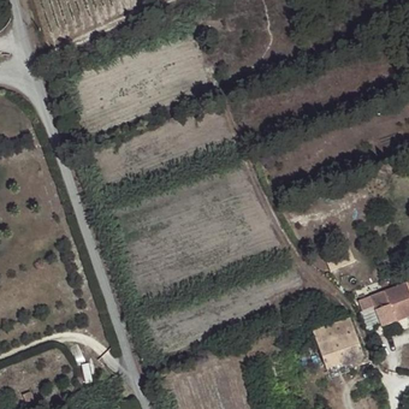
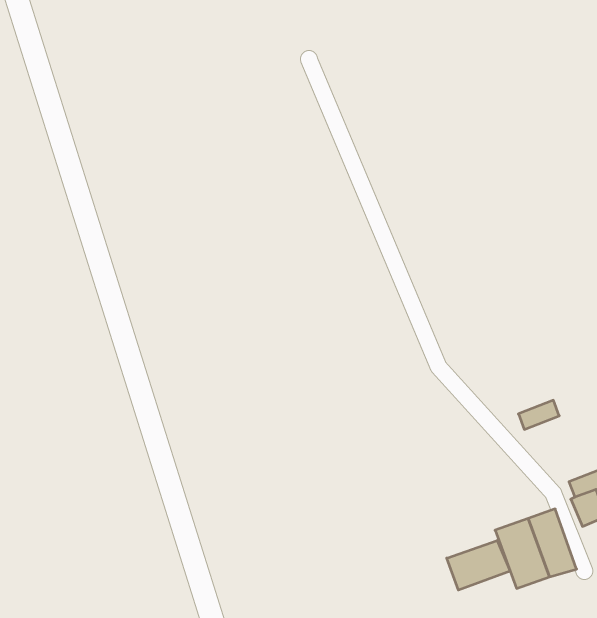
building: none -> [447,540,510,590]

